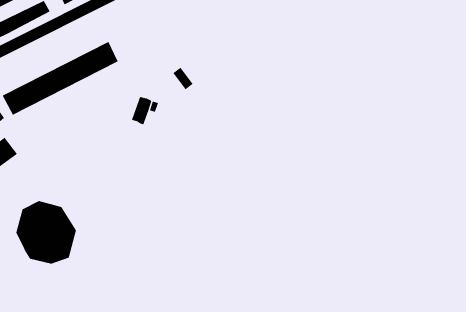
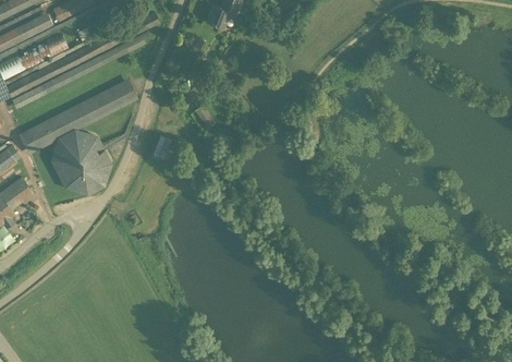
building: [15,201,77,264] -> [50,130,113,195]

